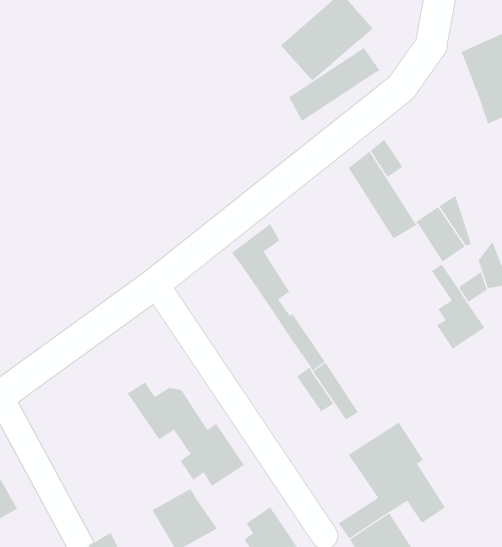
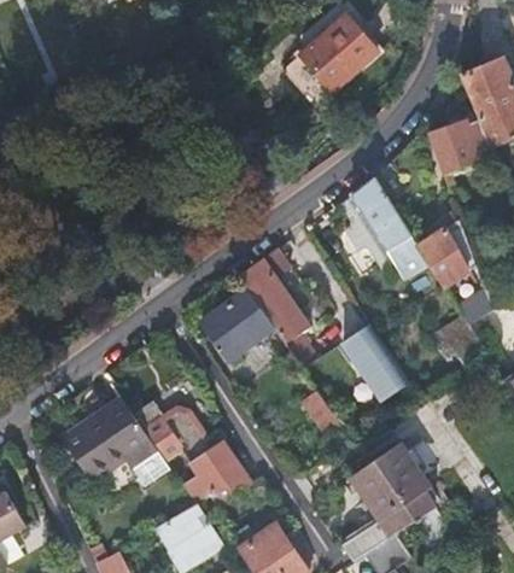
building: [288,47,381,122] -> none
building: none -> [427,121,487,189]
building: none -> [180,288,271,358]
building: none -> [343,323,410,402]
building: none -> [59,394,171,492]

